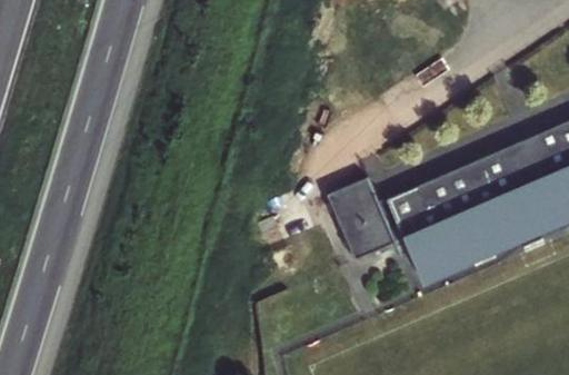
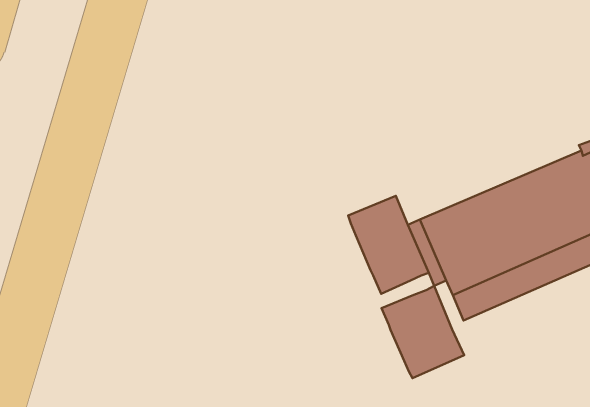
building: none -> [382,286,464,378]

